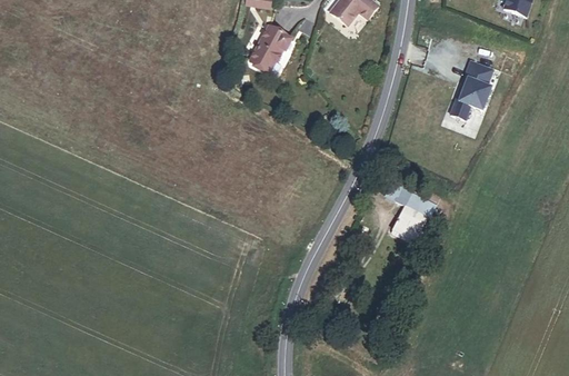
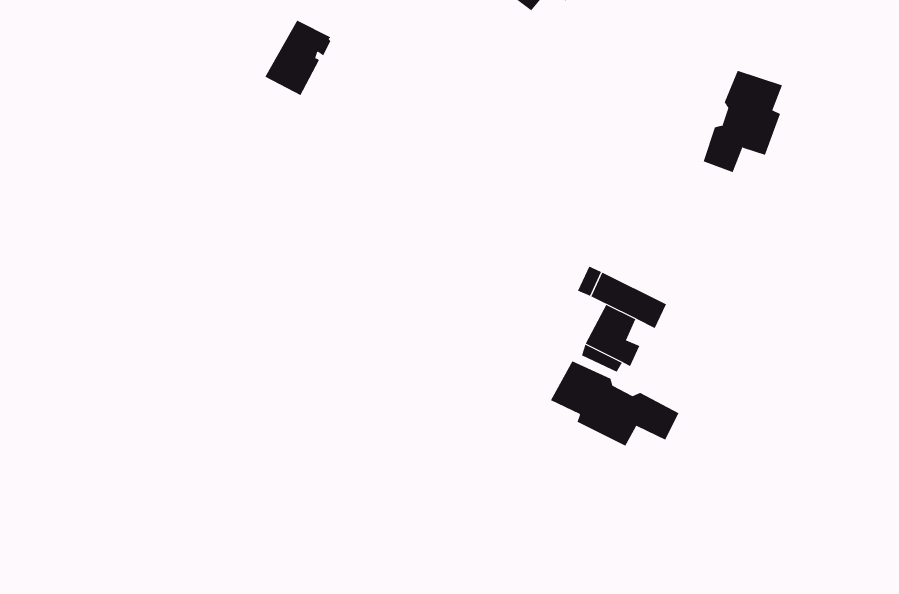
building: [249,27,288,71] -> [265,20,331,96]
building: none -> [550,360,679,447]

